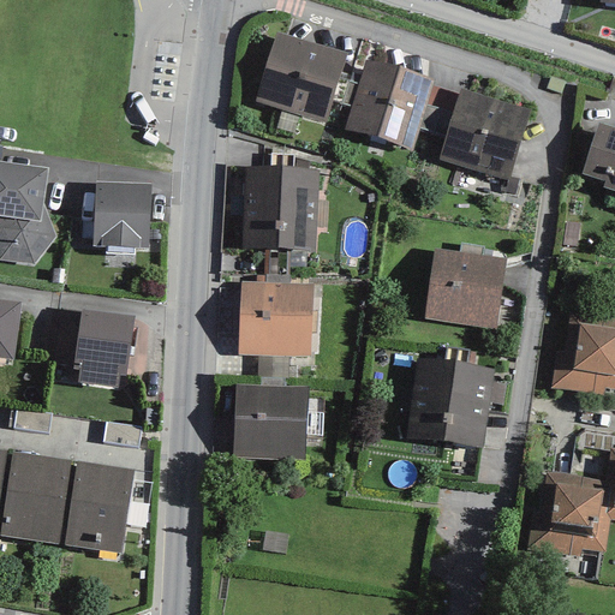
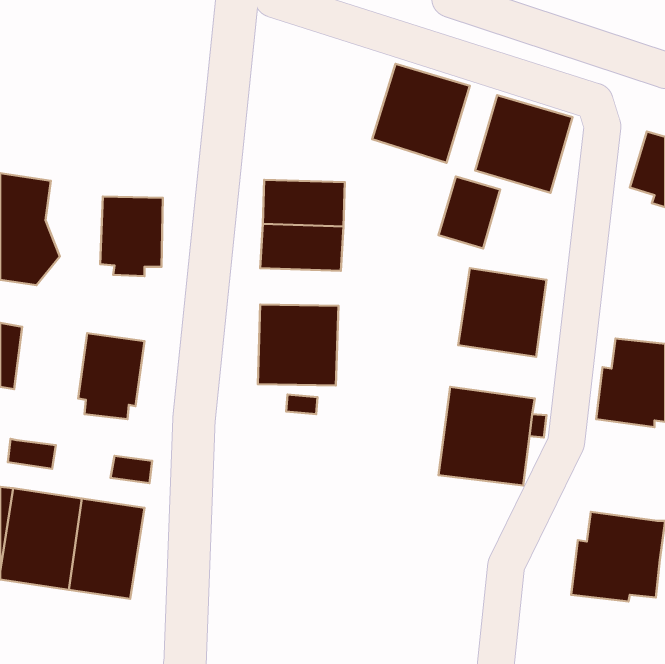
building: [255,32,346,121] -> none
building: none -> [439,176,500,248]
building: [232,384,308,459] -> none

